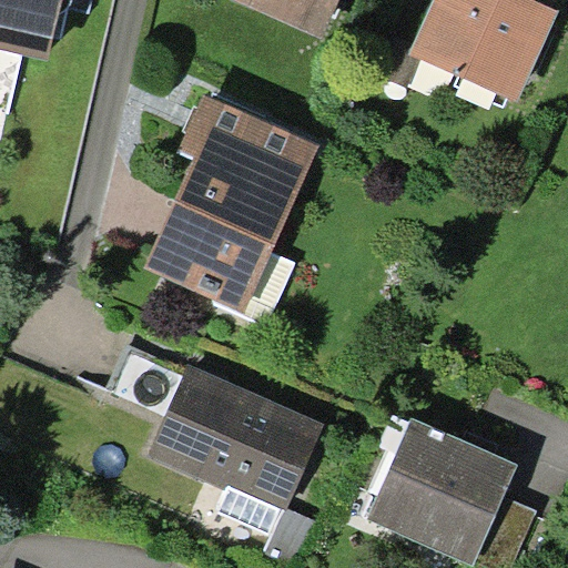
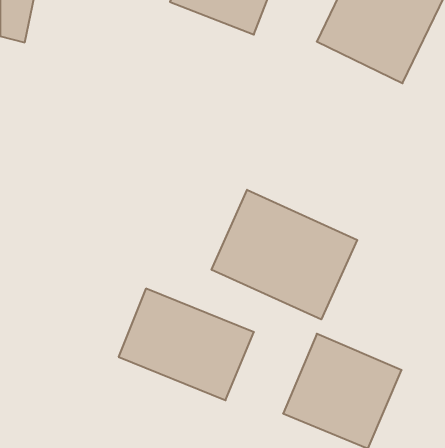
building: [142,101,323,315] -> none
building: none -> [212,190,357,319]

